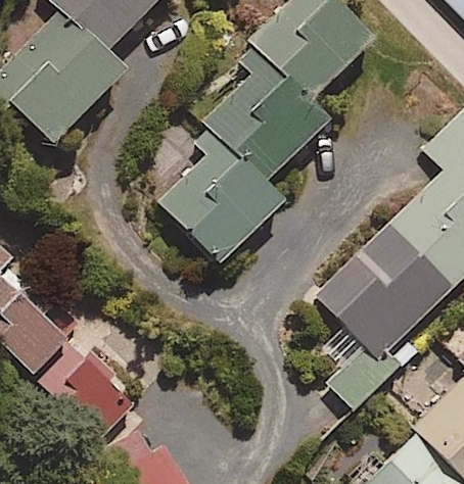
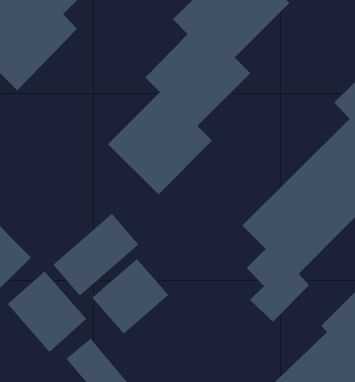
building: none -> [53,213,139,296]
building: none -> [91,258,169,335]

